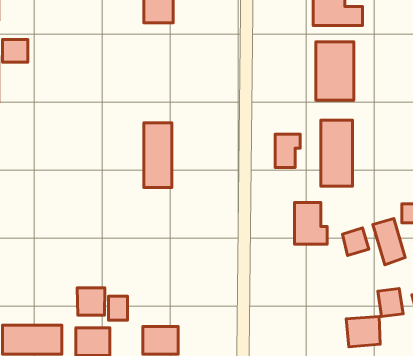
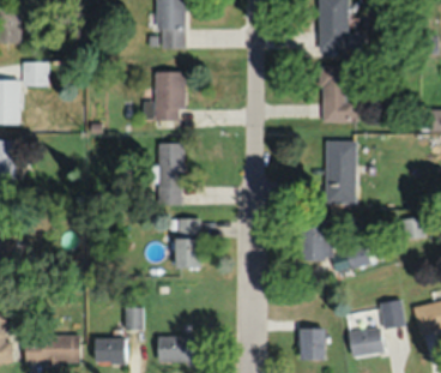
building: none -> [156,73,185,121]
building: [275,134,300,167] -> none
building: none -> [176,219,201,270]
building: [373,219,405,265] -> none
building: [77,288,105,315] -> none
building: none -> [300,329,325,360]

